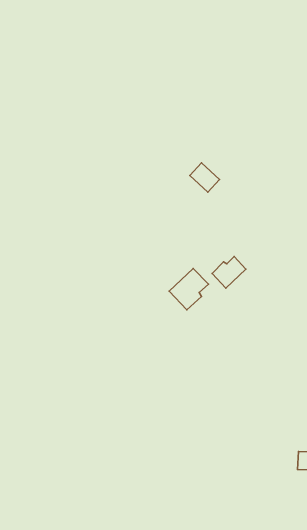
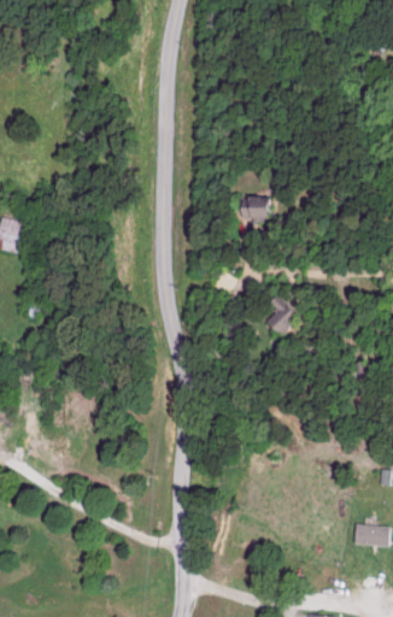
building: [169,269,208,310] -> none

